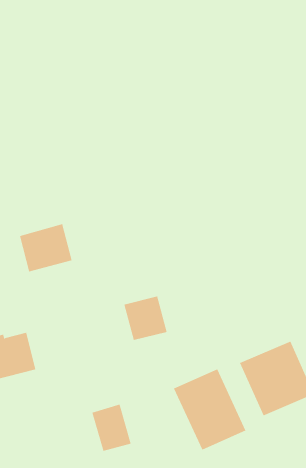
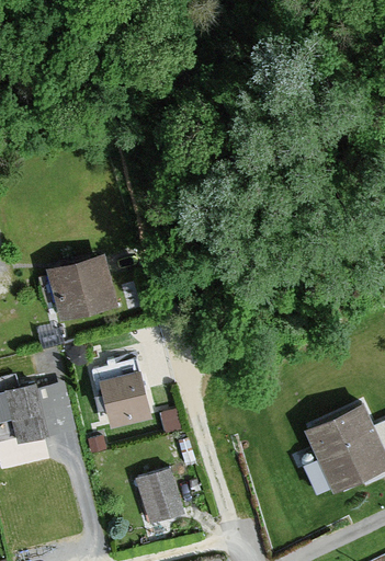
building: [124,296,167,341] -> [95,368,146,420]
building: [173,368,246,451] -> none

